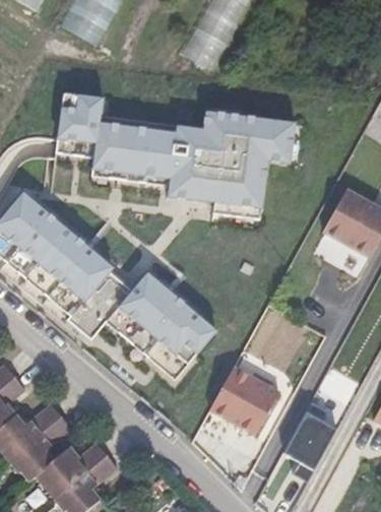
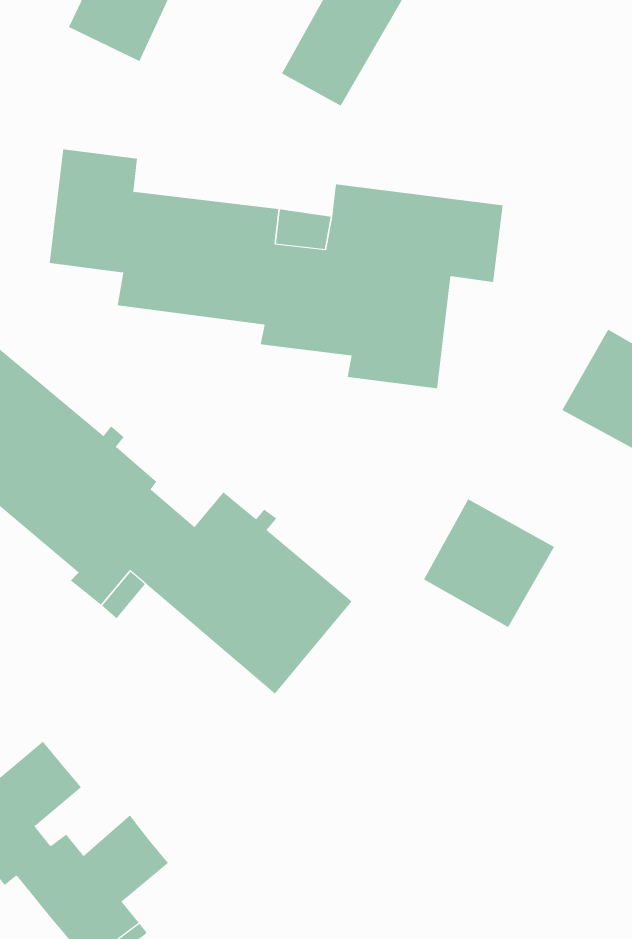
building: [210,367,279,435] -> [423,498,555,628]
building: [284,403,336,483] -> none

